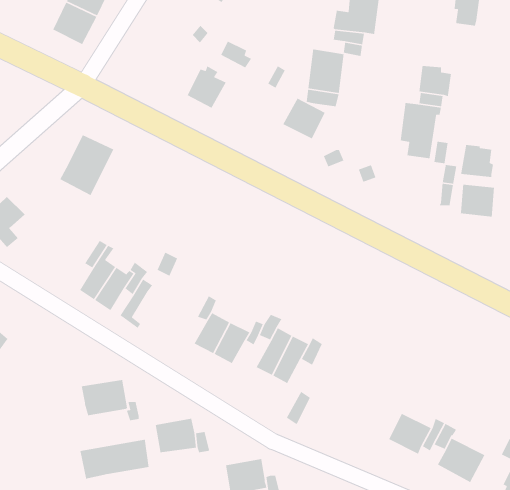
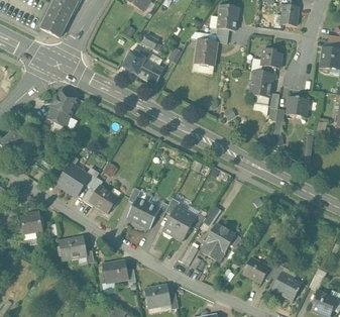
building: [282,98,326,140] -> [137,59,163,84]
building: [460,184,495,218] -> none
building: none -> [90,185,118,212]
building: none -> [21,211,42,239]
building: none -> [200,222,236,261]
building: [79,439,149,479] -> none

